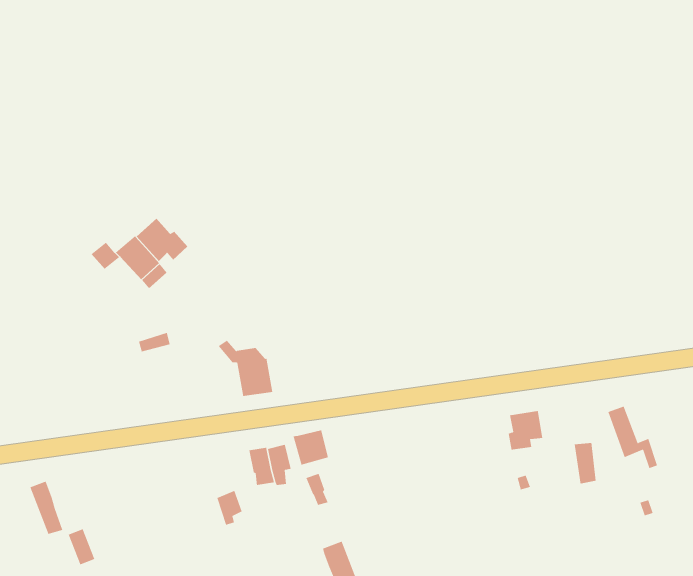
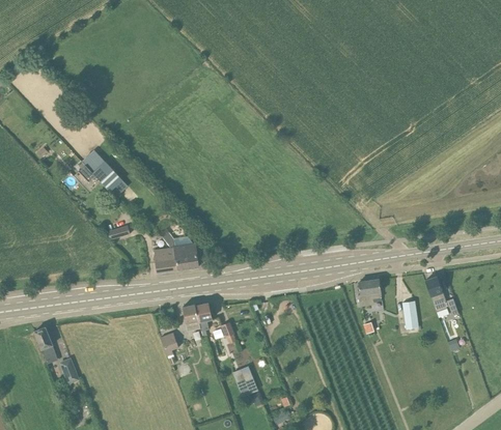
building: [136,218,188,262] -> none
building: none -> [155,247,178,271]
building: [293,429,329,465] -> none

